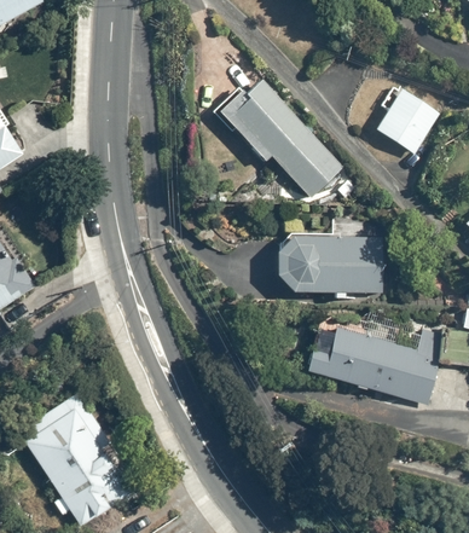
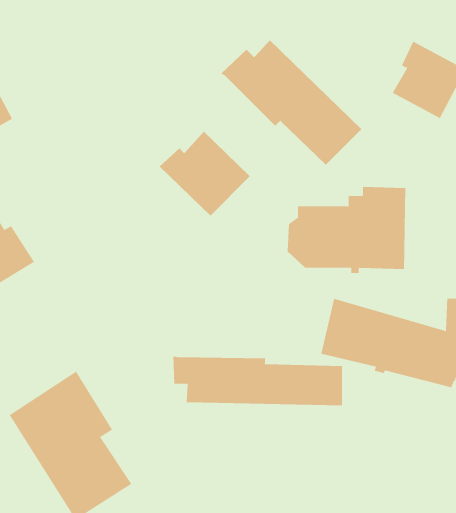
building: none -> [159,131,251,217]
building: none -> [173,356,342,406]

